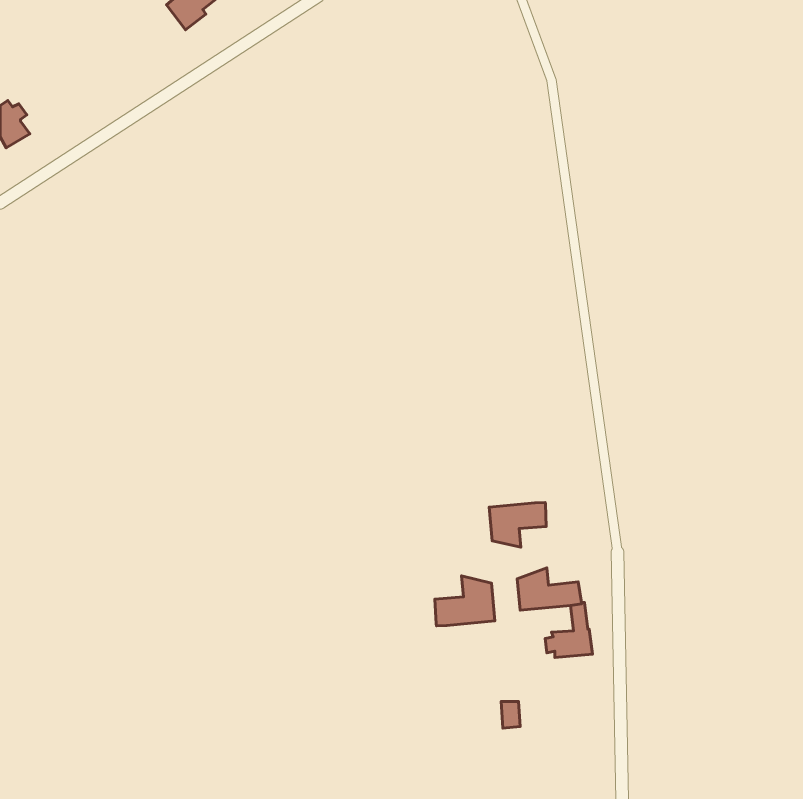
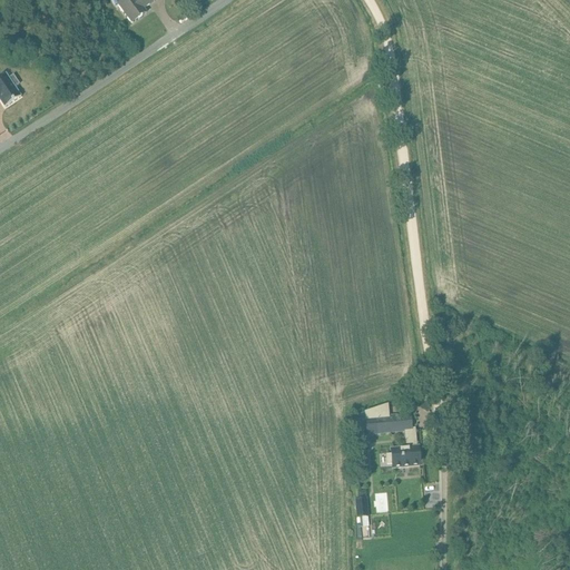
building: [489,502,546,547] -> none
building: [435,576,495,626] -> none

